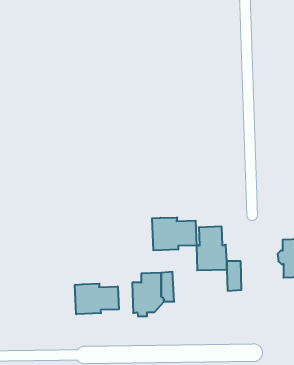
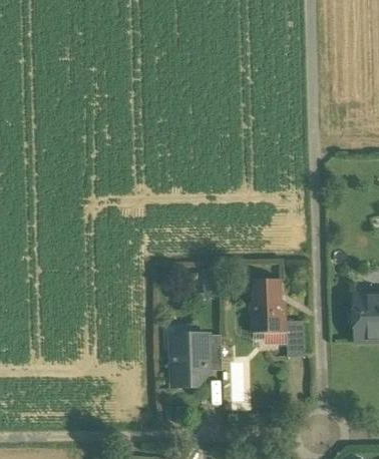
building: [152,217,196,250] -> none
building: [75,284,119,314] -> none

